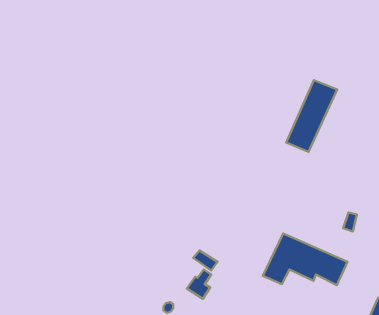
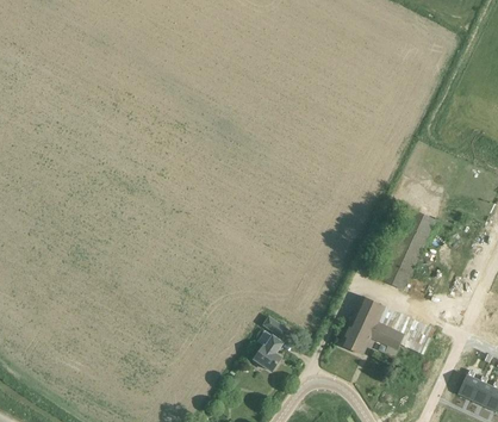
building: [286,80,337,152] -> [376,210,434,291]

